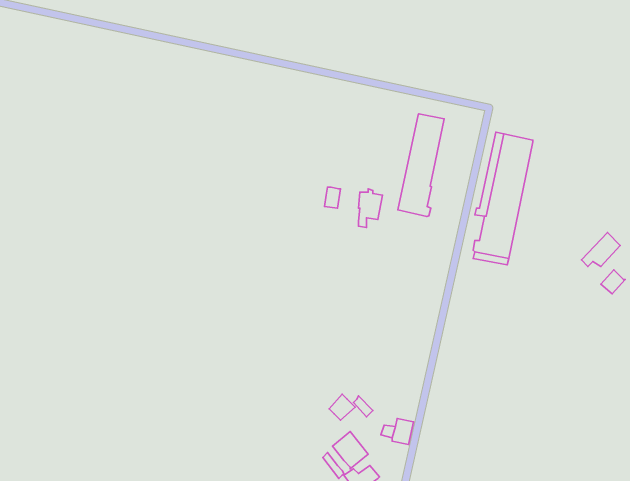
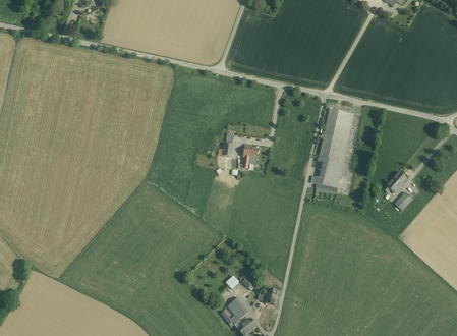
building: [398,114,444,217] -> none

